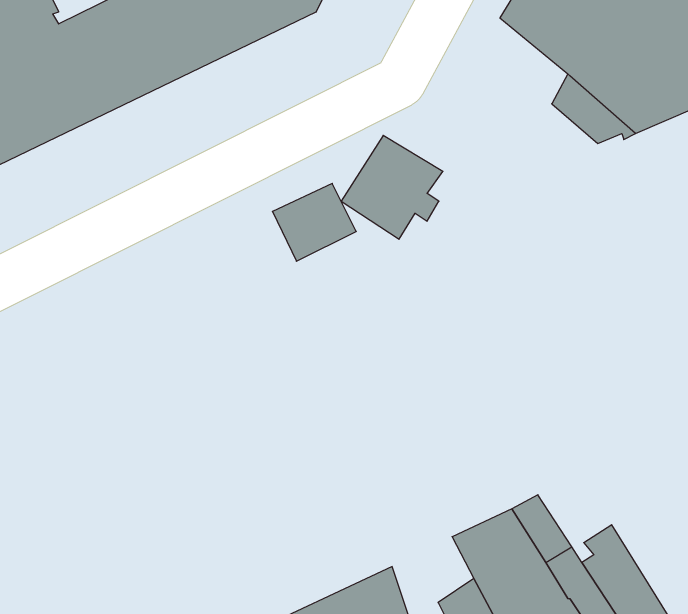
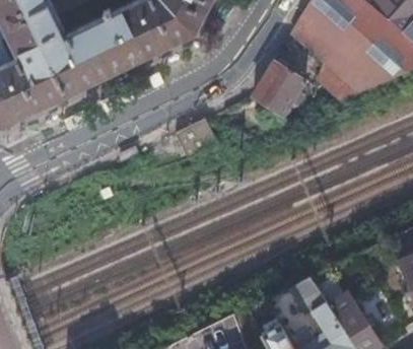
building: [341,135,443,239] -> [253,61,304,114]

